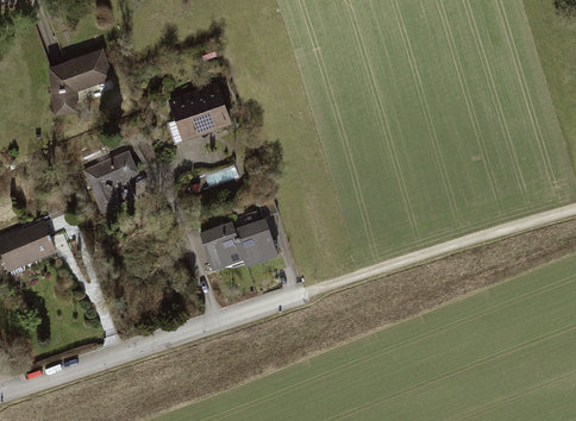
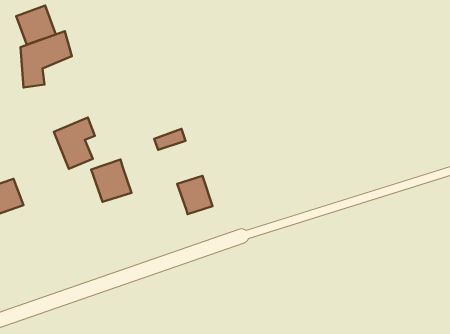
building: none -> [16,6,56,45]
building: [169,83,230,138] -> none
building: [199,220,246,270] -> [91,160,132,202]

